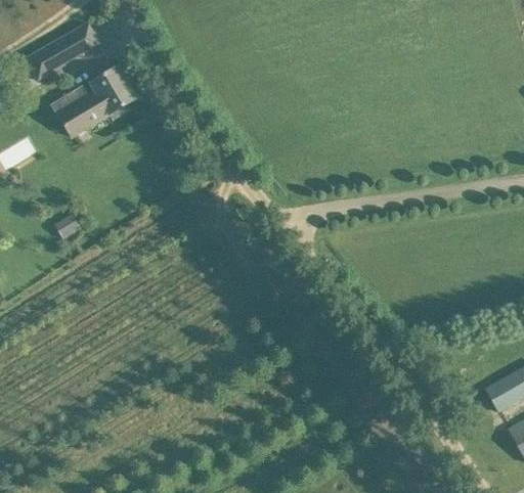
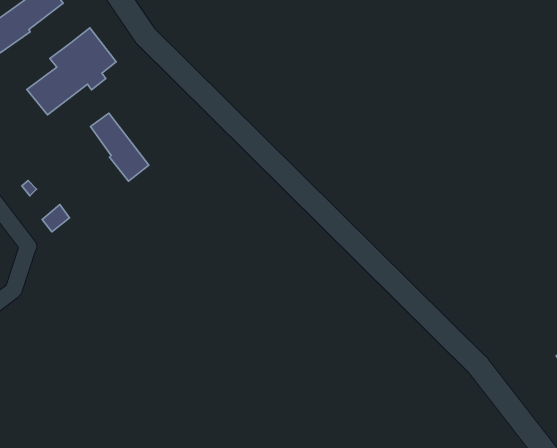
building: none -> [90,113,149,181]

